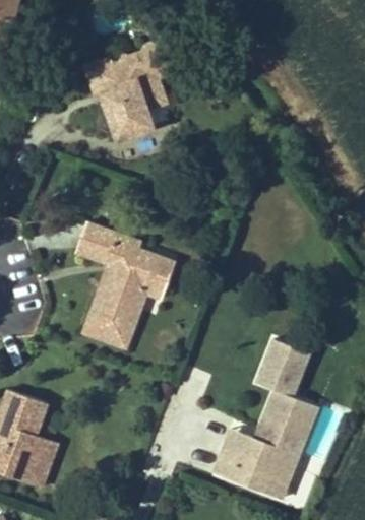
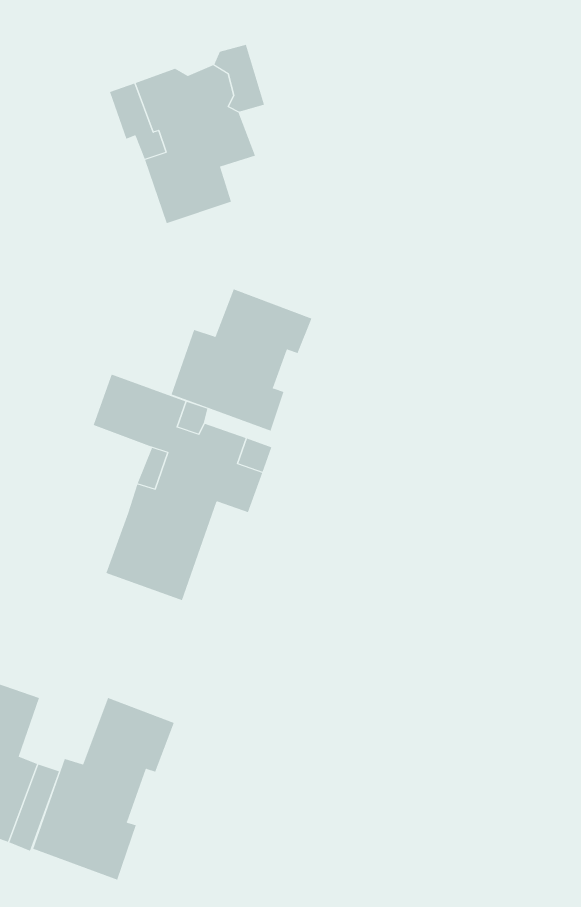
building: none -> [171,288,312,432]
building: [214,341,316,494] -> none
building: none -> [32,697,175,881]

